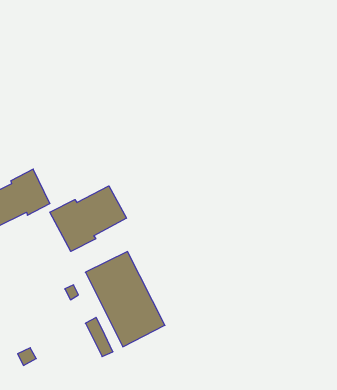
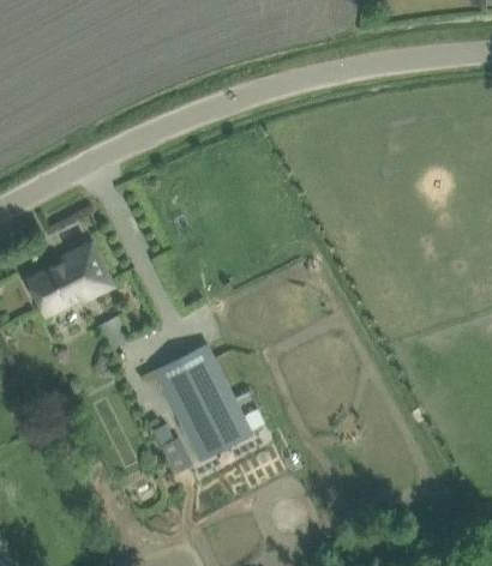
building: [50,186,126,251] -> none

